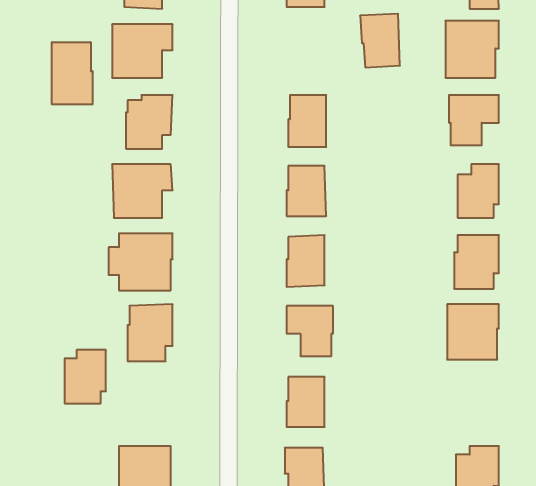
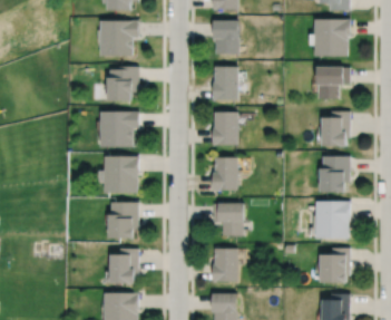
building: [360,14,400,67] -> [213,20,238,55]
building: [52,42,93,104] -> none
building: [65,350,106,403] -> [111,249,138,283]
building: none -> [321,249,350,283]

